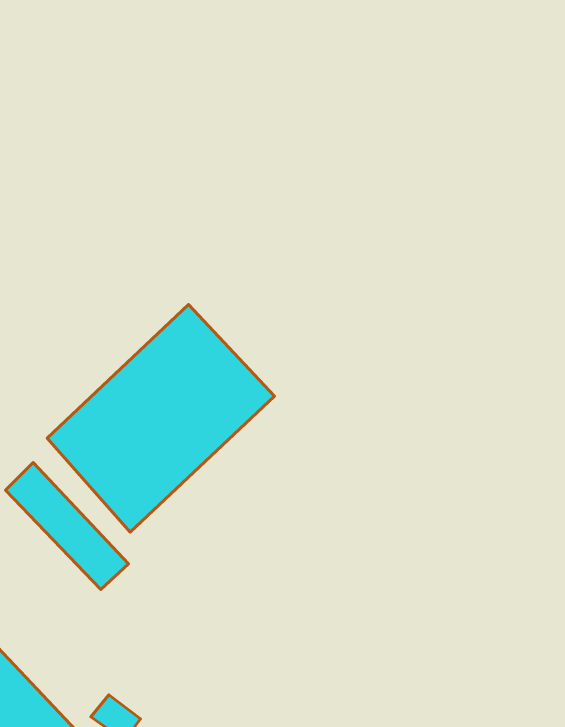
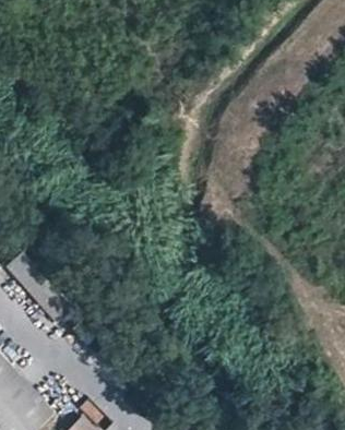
building: [47,305,274,532] -> none

